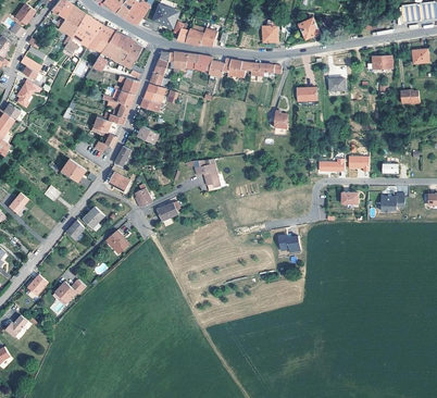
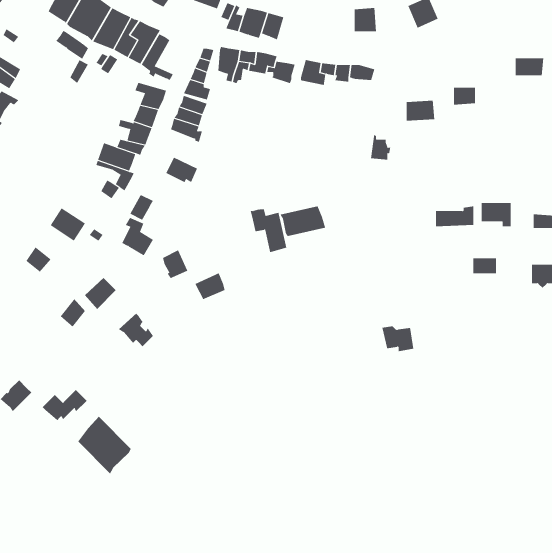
building: none -> [280,205,326,237]
building: none -> [77,416,132,474]

